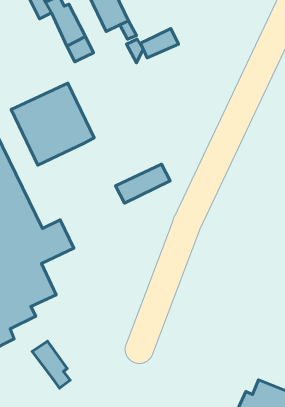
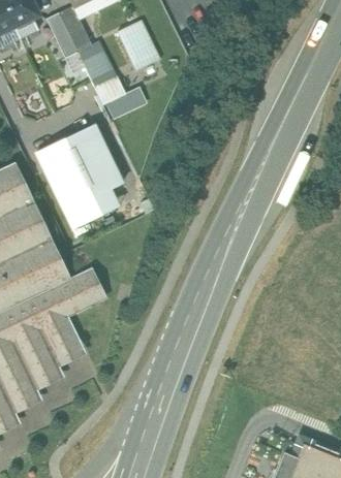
building: [140,29,179,58] -> [107,85,148,116]
building: [116,164,170,203] -> [64,189,122,230]
building: [32,341,70,388] -> none

